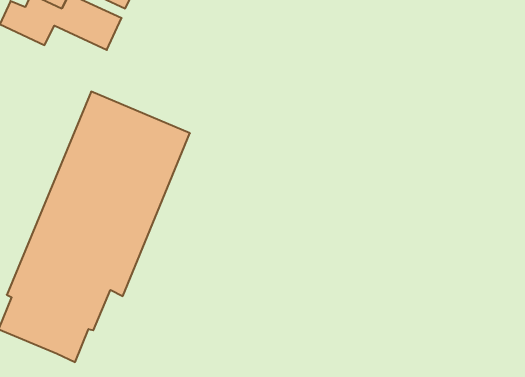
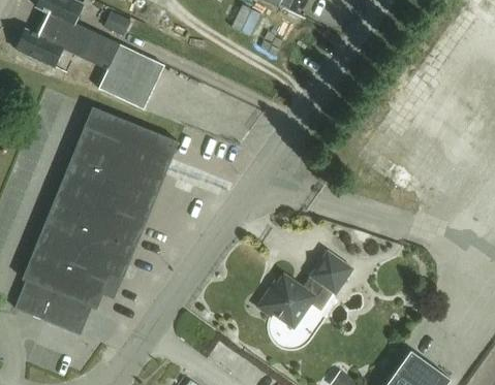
building: none -> [99,44,165,109]
building: none -> [258,251,353,327]

